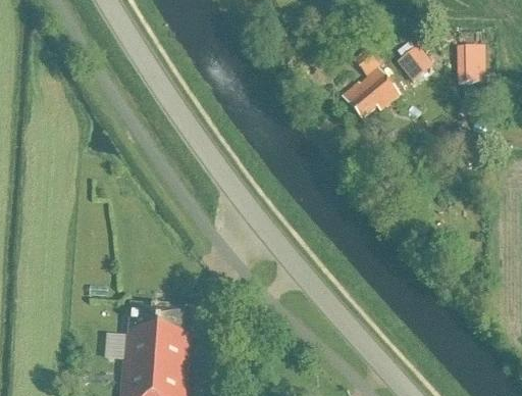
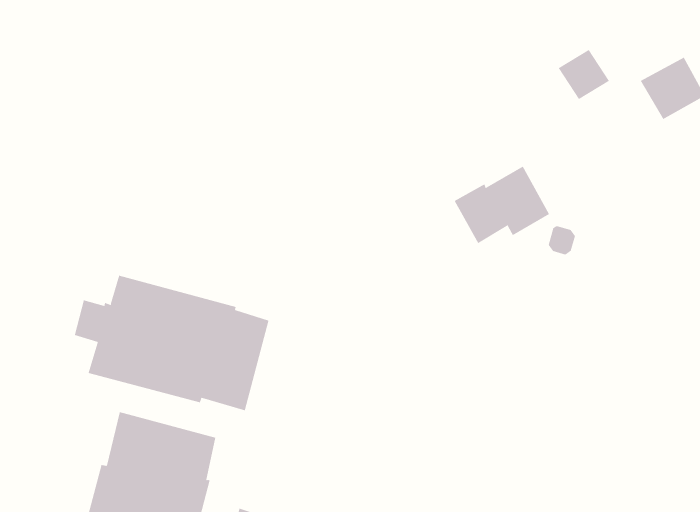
building: [342,69,399,119] -> [454,166,550,244]
building: none -> [74,275,269,411]

